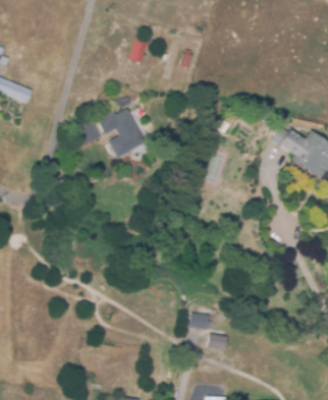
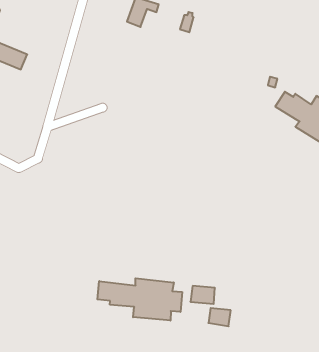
building: [97,107,147,158] -> none
building: none -> [97,278,182,321]

